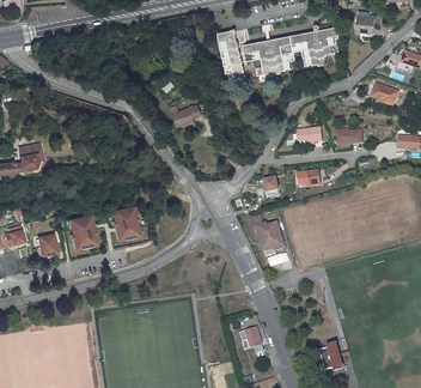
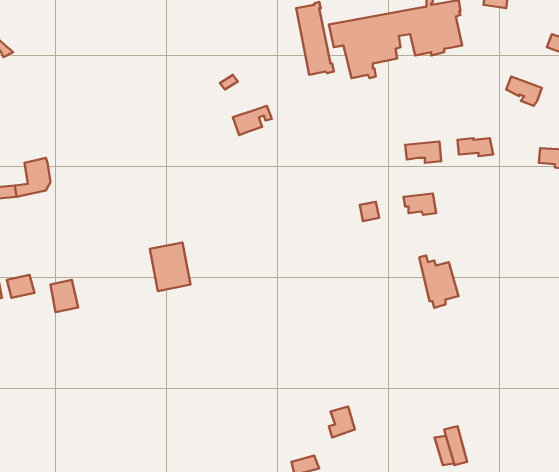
building: [68,214,97,250] -> none
building: [256,217,285,255] -> [420,256,459,308]

